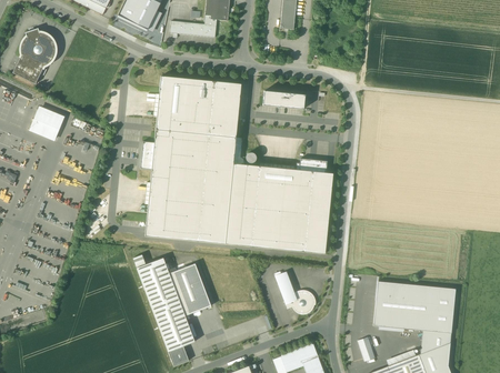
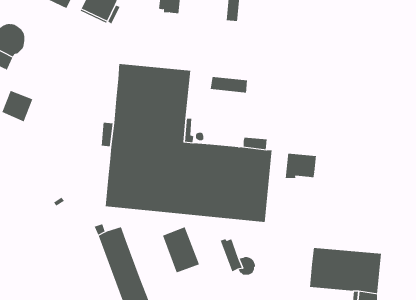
building: [170,14,217,38] -> none
building: none -> [285,153,316,179]
building: [169,263,211,315] -> [162,227,200,273]

